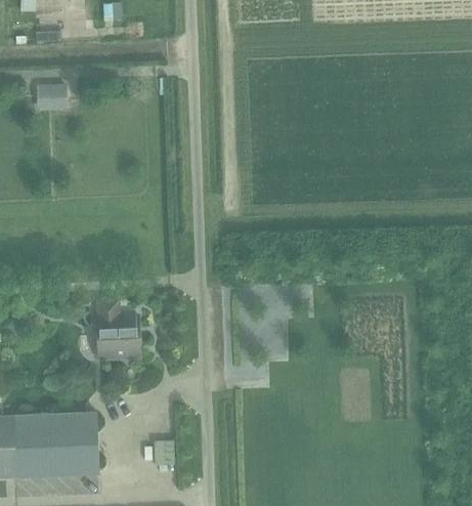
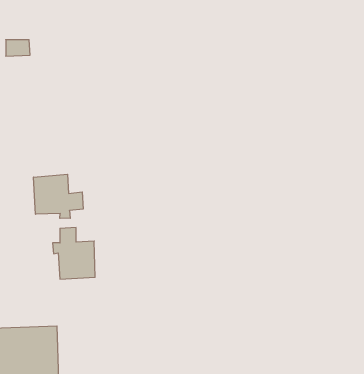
building: none -> [34,174,83,218]

